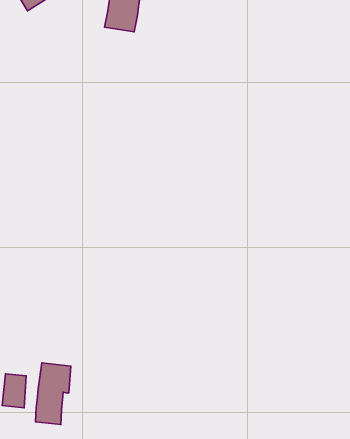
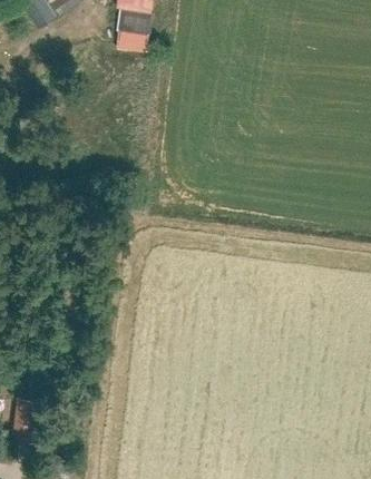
building: [36,363,71,424] -> none

